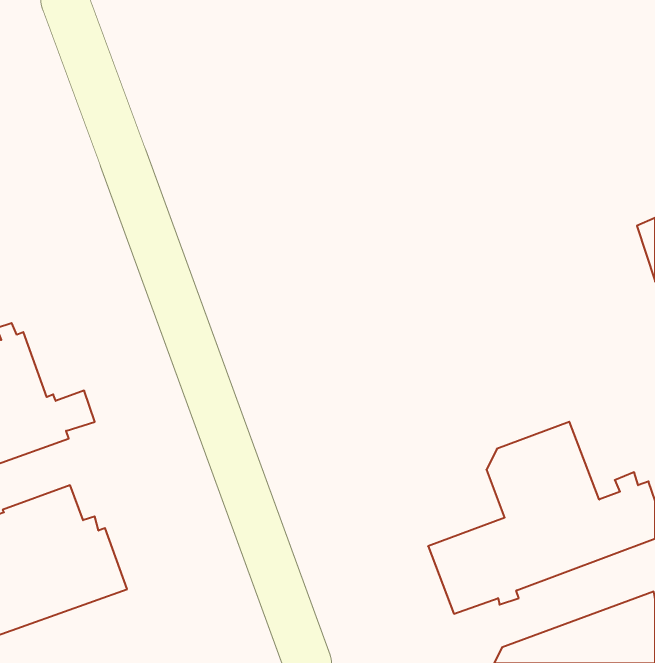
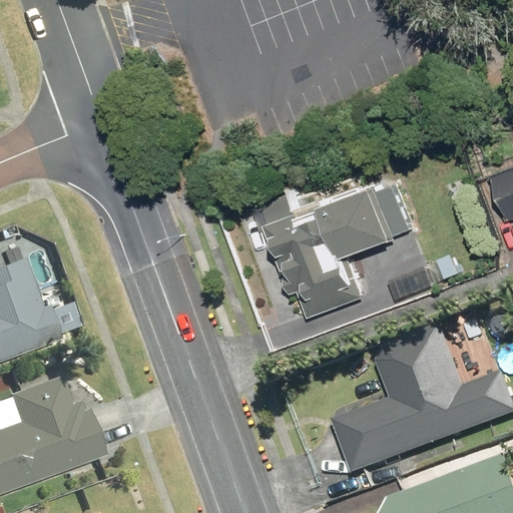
building: none -> [265,183,411,318]

